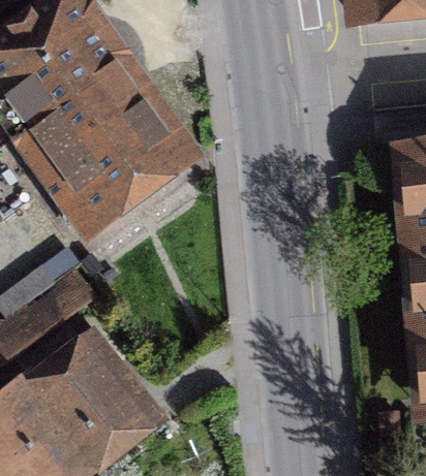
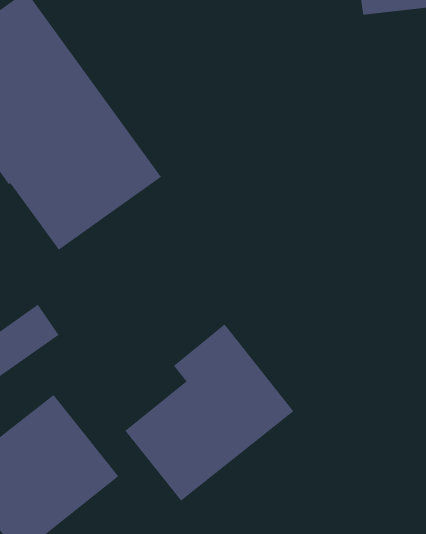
building: none -> [125,324,294,502]

